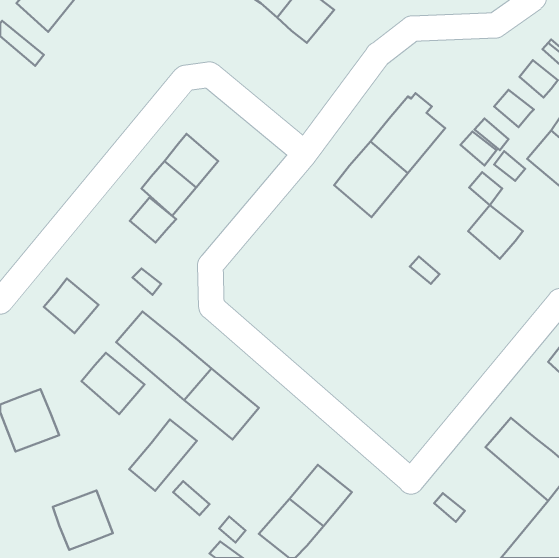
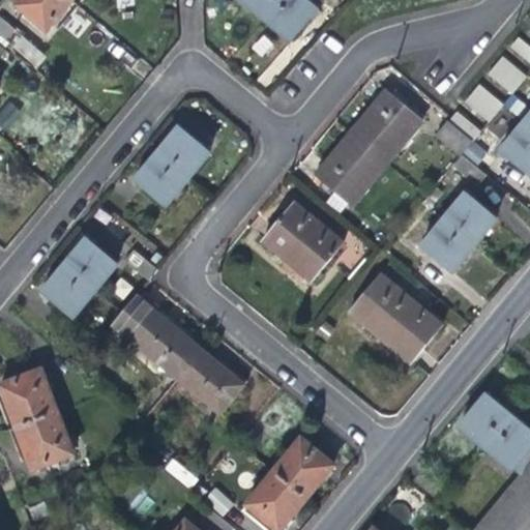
building: [130,198,176,243] -> none
building: none -> [262,203,342,279]
building: none -> [420,218,473,271]
building: none -> [64,238,115,288]
building: none -> [349,274,441,361]
building: [81,353,144,414] -> none
building: [129,420,197,491] -> none
building: [53,491,113,550] -> [16,411,72,467]

